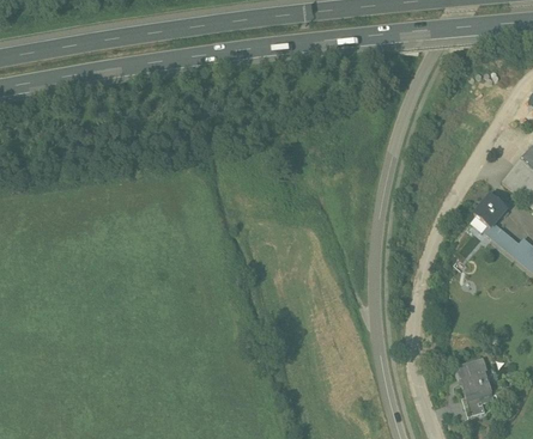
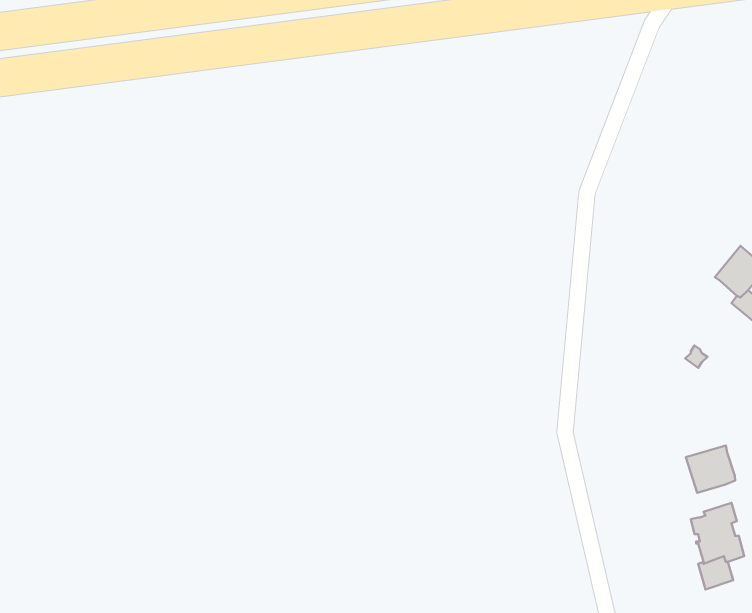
building: none -> [686,445,735,493]

